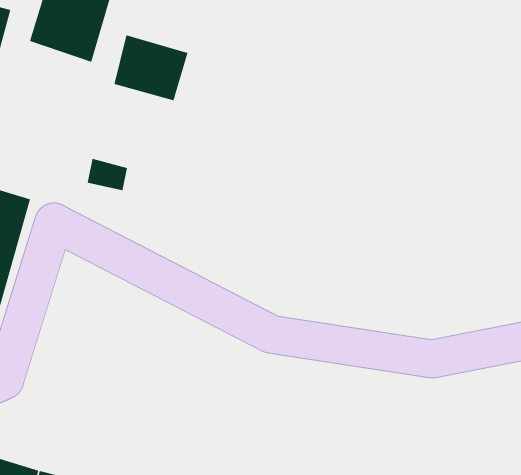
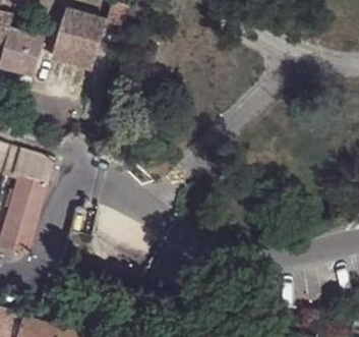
building: [114,34,188,101] -> none

